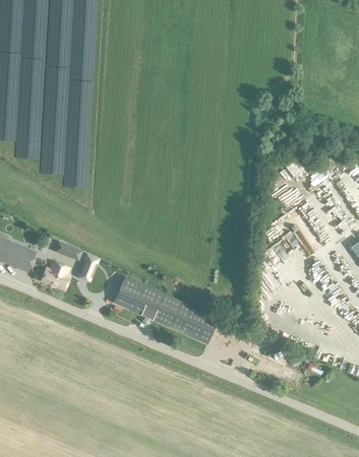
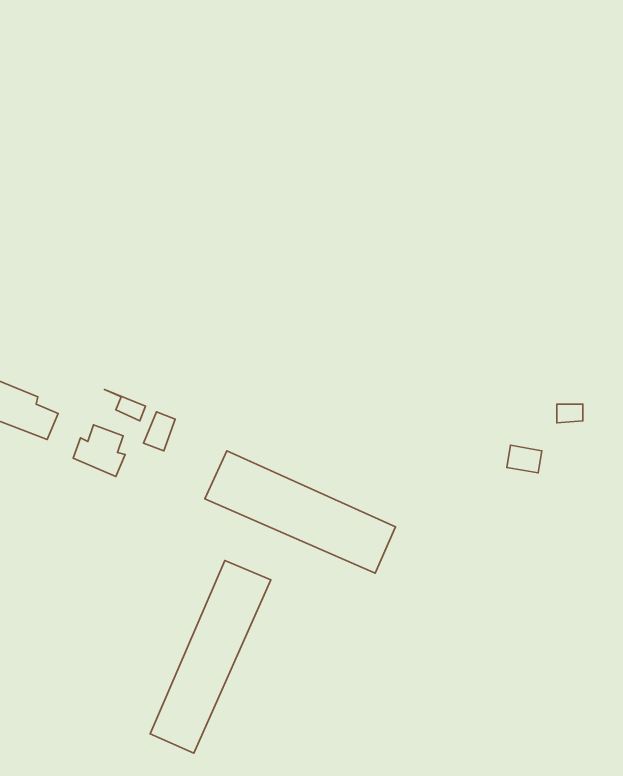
building: none -> [150,561,271,753]

